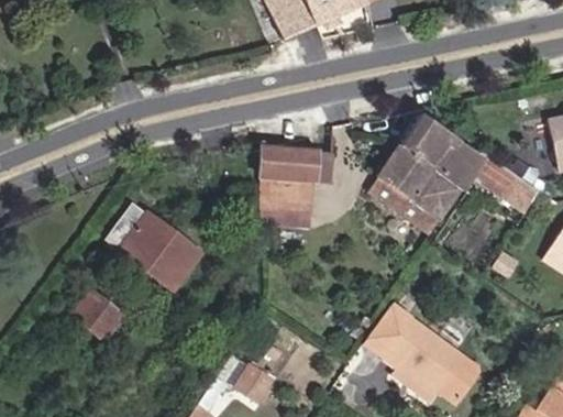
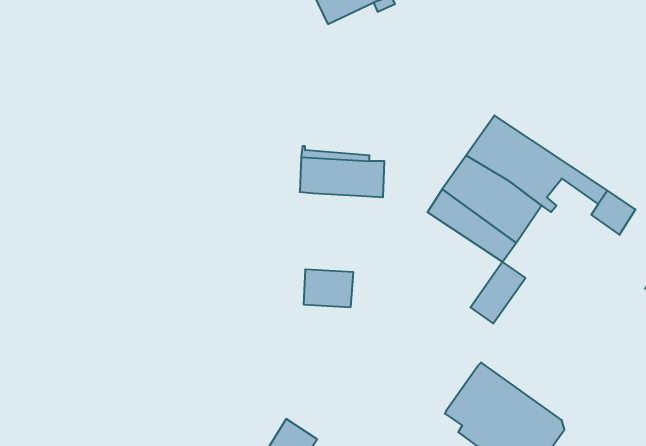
building: [272,177,312,208] -> [304,269,353,307]
building: [107,204,198,288] -> none
building: [71,290,122,340] -> none
building: [363,305,408,355] -> [470,262,525,324]

